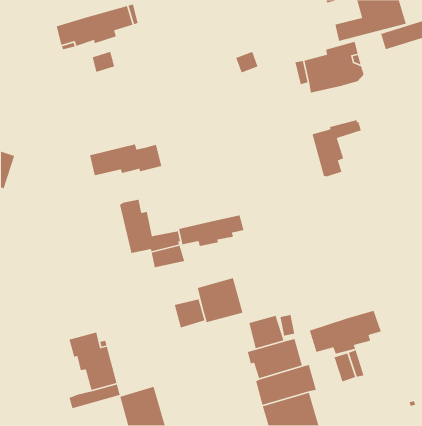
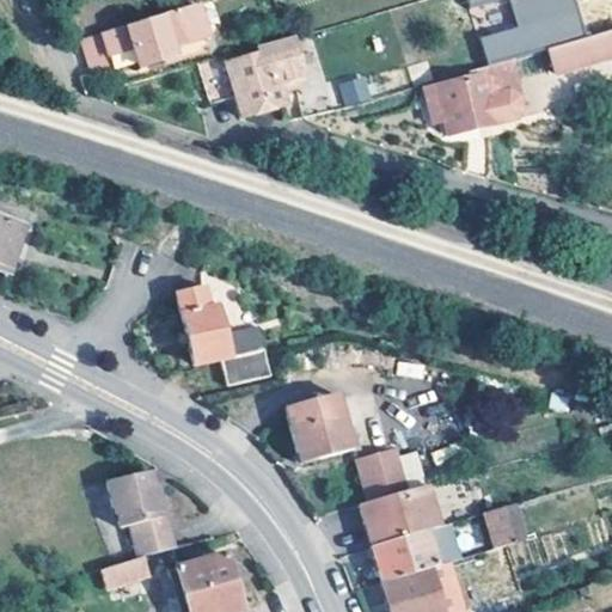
building: none -> [203,36,307,115]
building: [311,119,362,177] -> none
building: [89,143,162,176] -> none
building: [178,214,245,247] -> none
building: [174,299,205,328] -> none
building: [309,310,382,355] -> none

